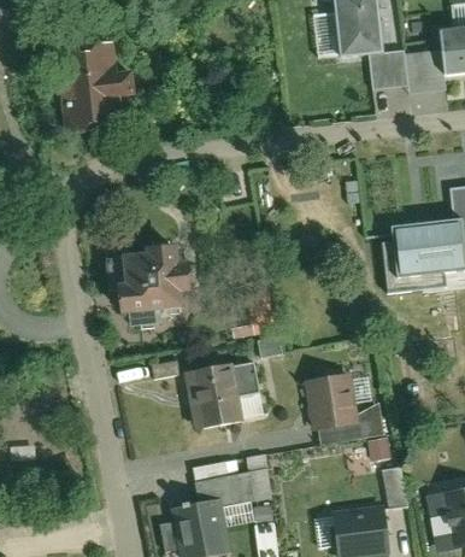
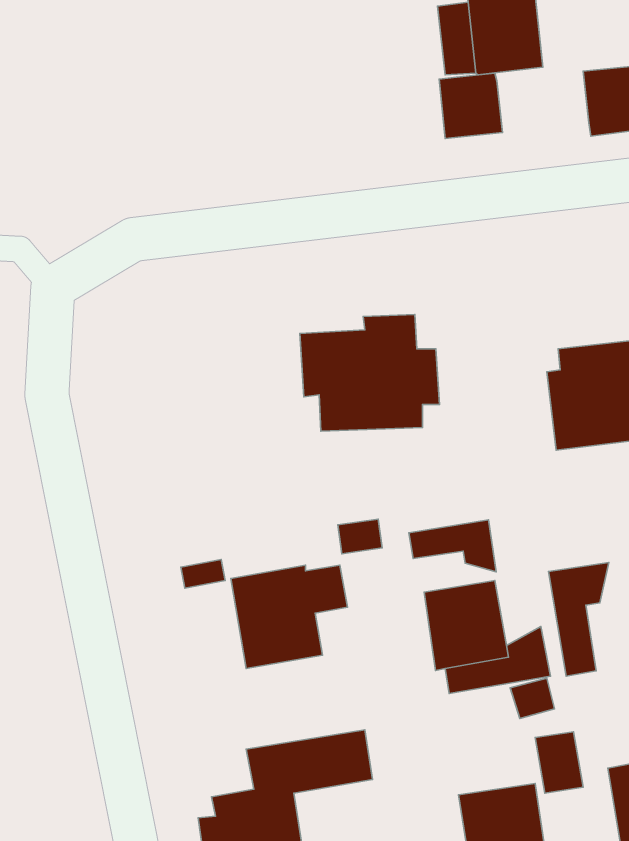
building: [58,37,131,130] -> none
building: [371,49,411,90] -> [439,73,503,138]
building: [101,234,189,307] -> [300,315,440,431]
building: none -> [409,520,496,572]
building: none -> [548,562,609,676]

